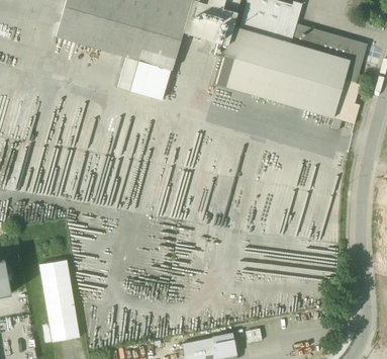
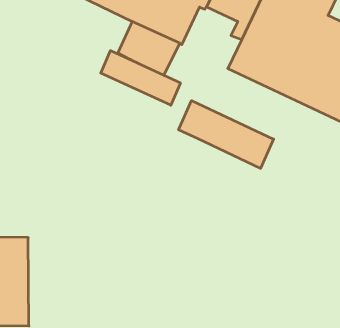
building: none -> [101,51,180,105]
building: none -> [179,101,274,168]

